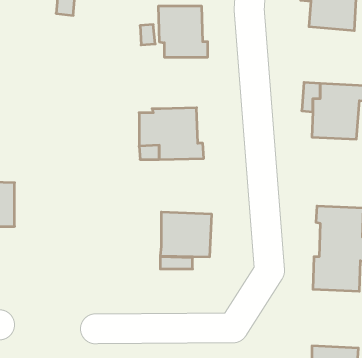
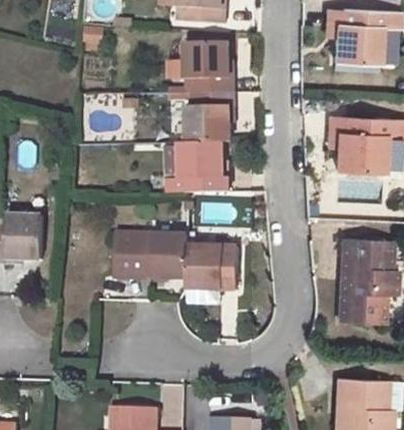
building: none -> [185,91,235,142]
building: none -> [101,233,187,279]

